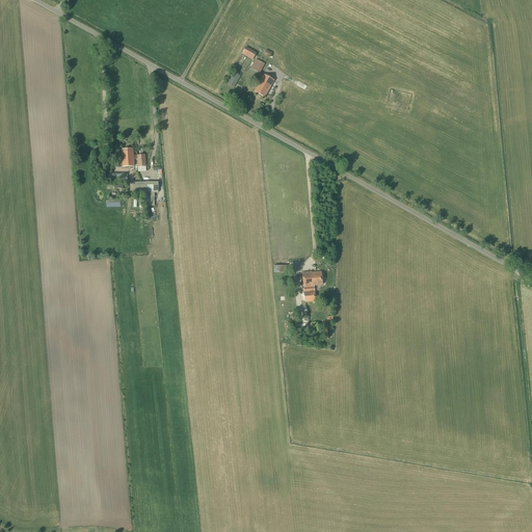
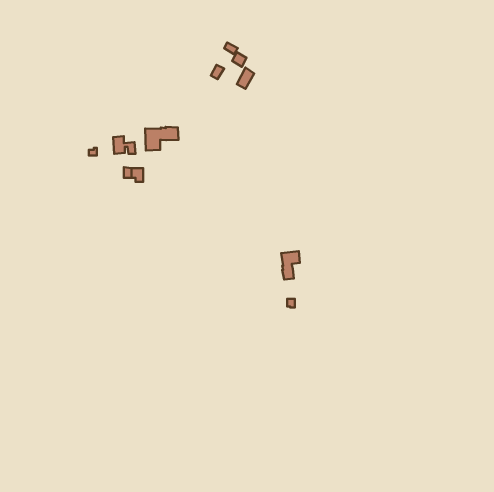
building: none -> [145,127,178,151]

